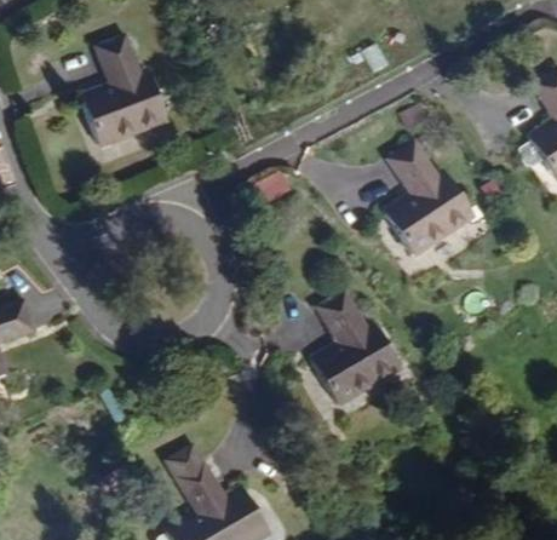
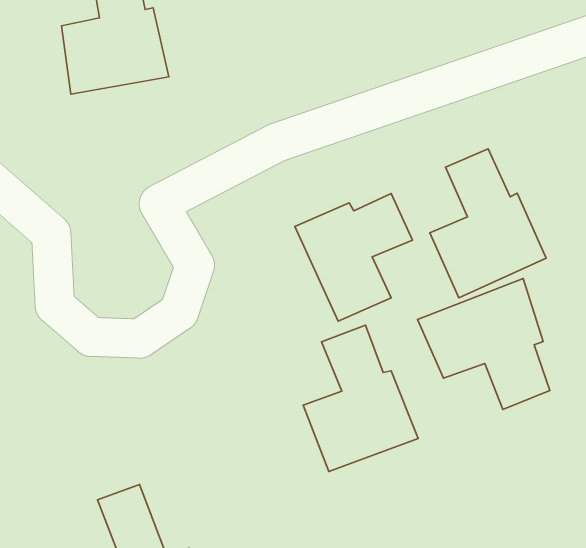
building: none -> [295,193,412,321]
building: none -> [418,279,550,409]

